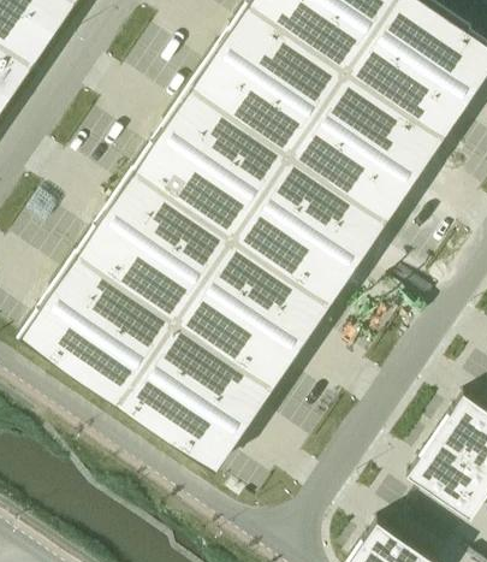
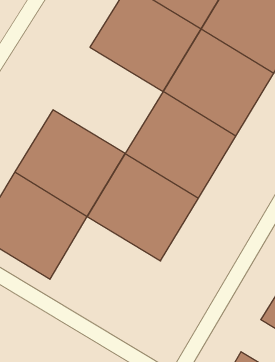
building: [133,85,289,236] -> none
building: [117,320,272,471] -> none

